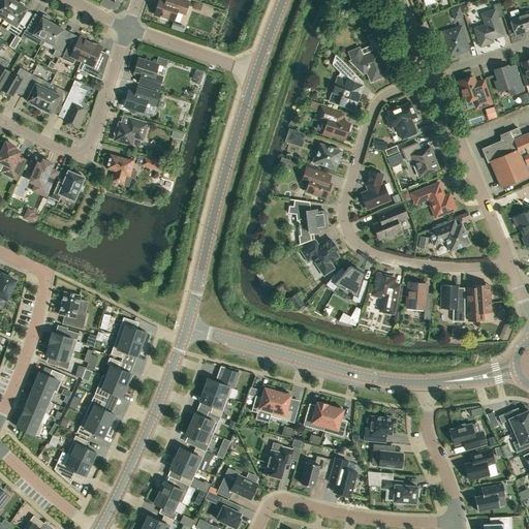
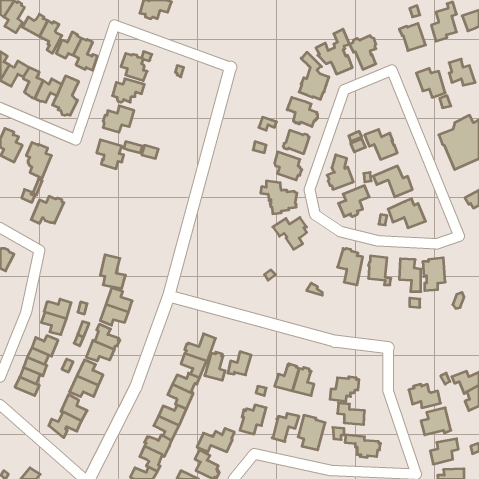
building: [387,102,416,139] -> [350,36,376,69]
building: [49,170,85,200] -> [31,196,64,223]
building: [325,266,368,305] -> none
building: [59,291,87,329] -> [100,255,126,288]
building: [270,391,292,422] -> [205,352,225,380]

